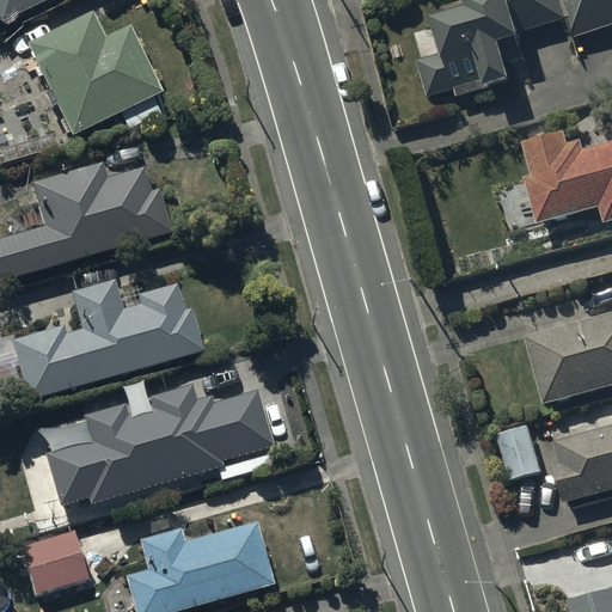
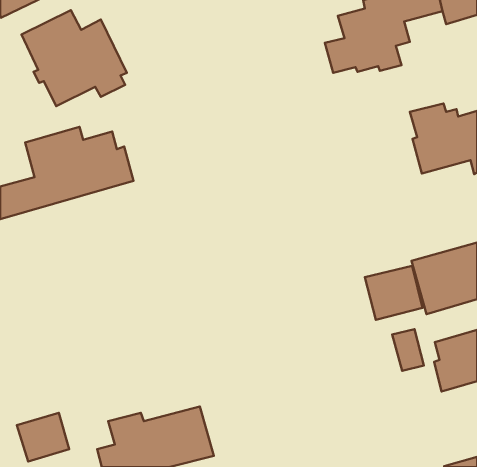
building: [11,281,203,400] -> none
building: none -> [365,266,423,320]
building: [44,385,271,506] -> none

